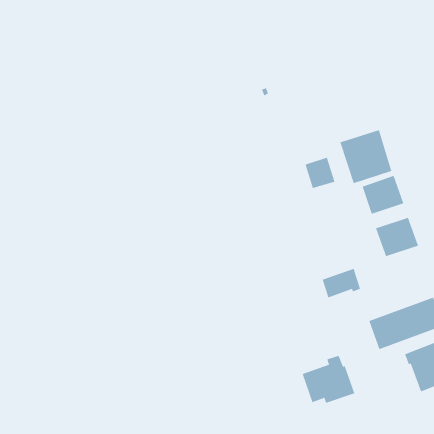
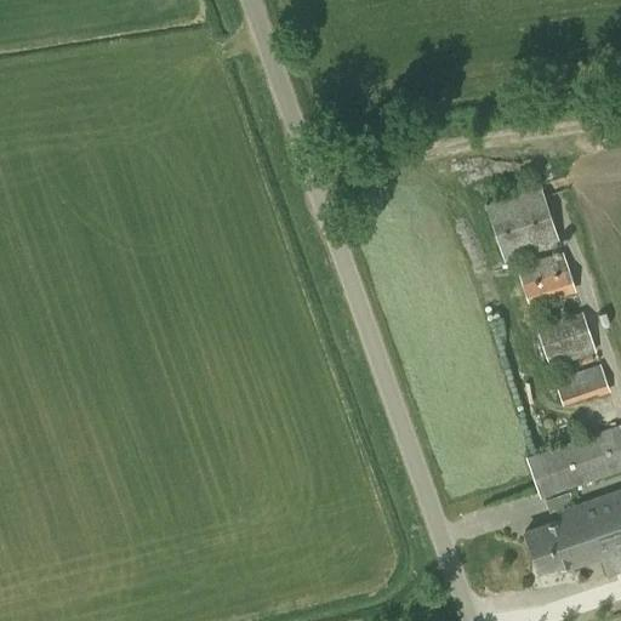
building: [305,157,335,189] -> none
building: [322,268,361,298] -> [554,364,610,406]
building: [302,355,355,404] -> [524,506,600,575]

